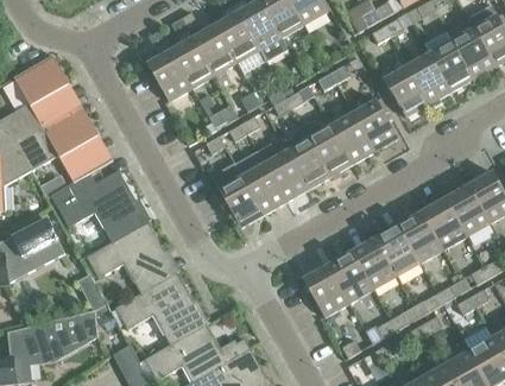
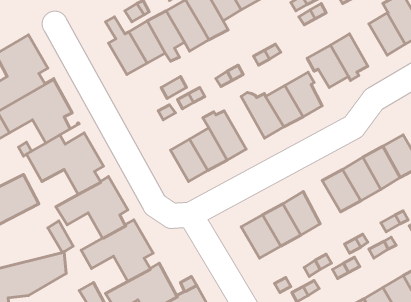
building: [423,30,473,90] -> none
building: [282,126,329,188] -> none
building: [374,224,418,276] -> none

